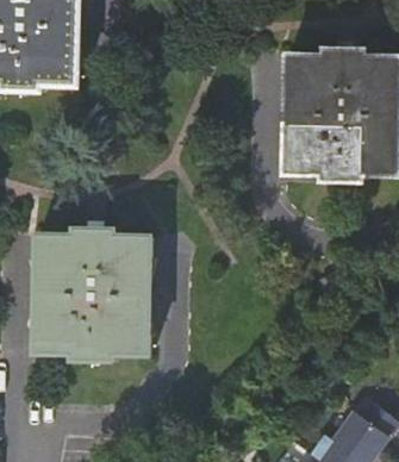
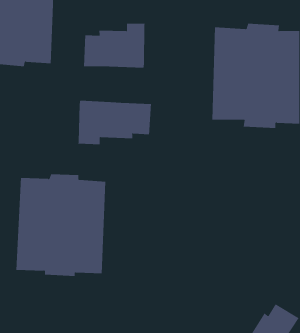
building: none -> [84,23,145,69]
building: none -> [78,100,152,145]

